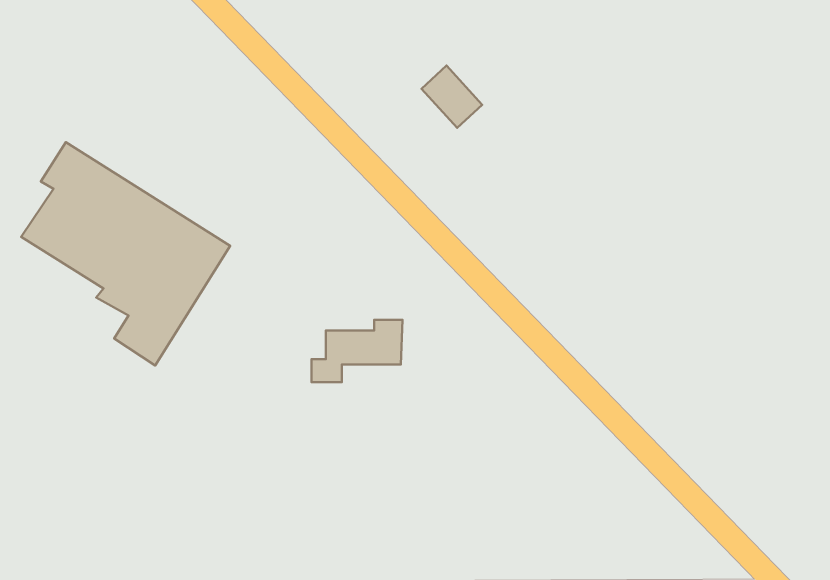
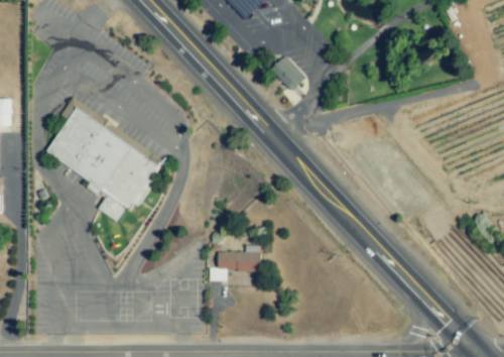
building: [312,320,403,382] -> [209,246,260,281]

